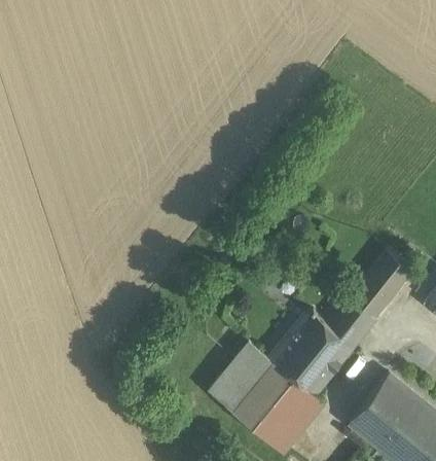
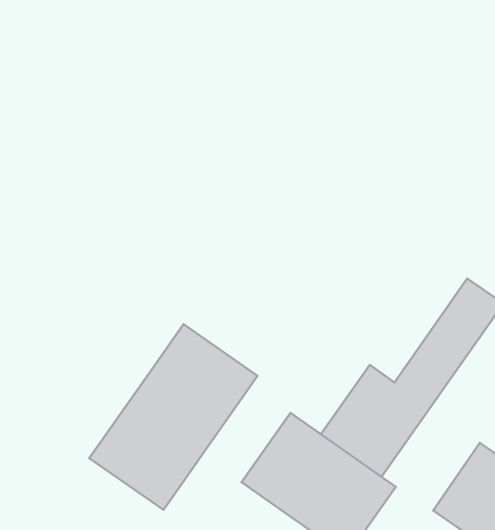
building: none -> [89,324,258,510]

